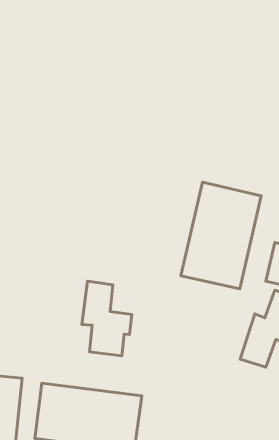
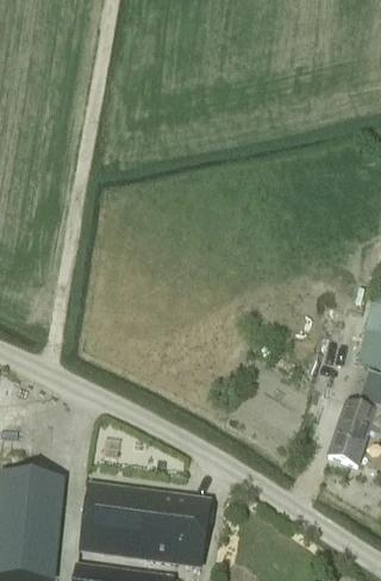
building: [181,182,261,289] -> none
building: [82,281,132,356] -> none

